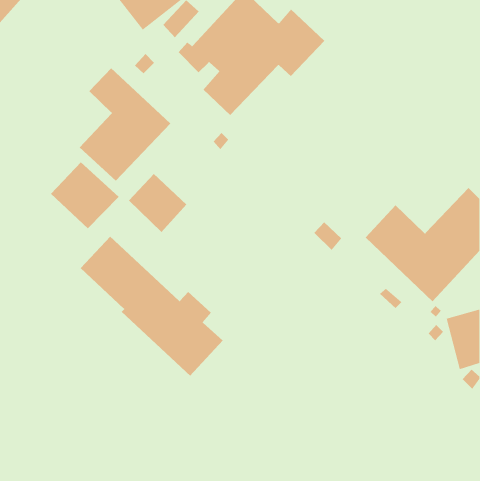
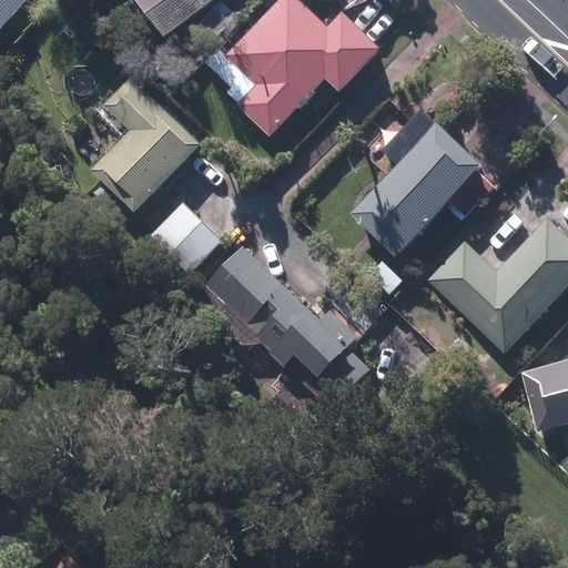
building: none -> [353,113,491,256]
building: [50,161,120,229] -> none
building: [80,236,223,377] -> [204,246,372,410]

